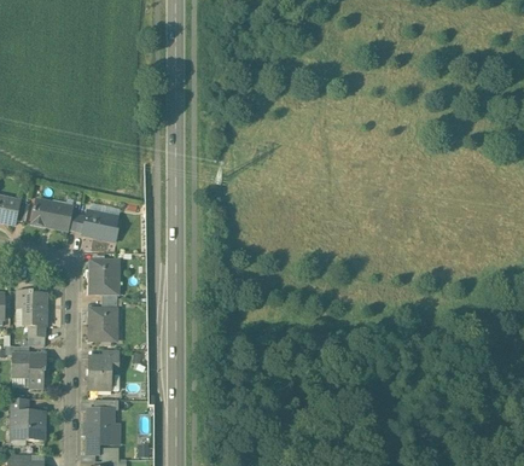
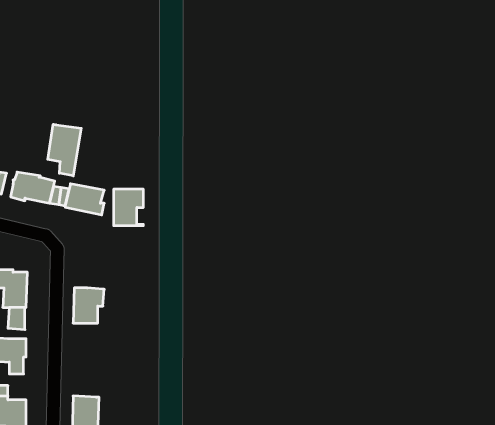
building: none -> [48,124,81,176]
building: [89,260,117,293] -> [114,189,143,226]
building: [88,355,118,389] -> none

